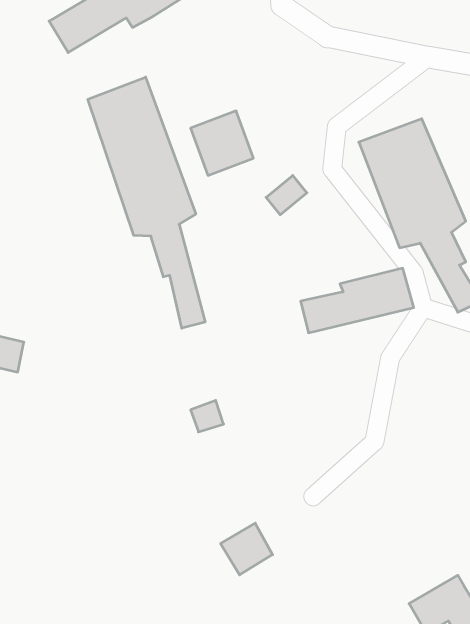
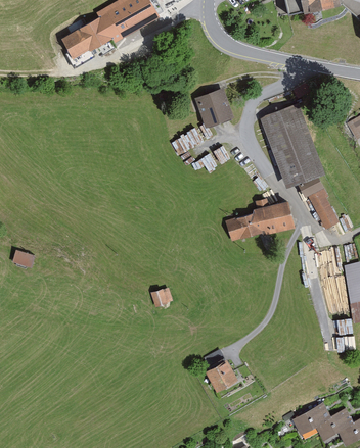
building: [88,77,205,328] -> none
building: [191,111,253,175] -> [193,86,234,128]
building: [221,523,273,575] -> [211,358,244,392]

